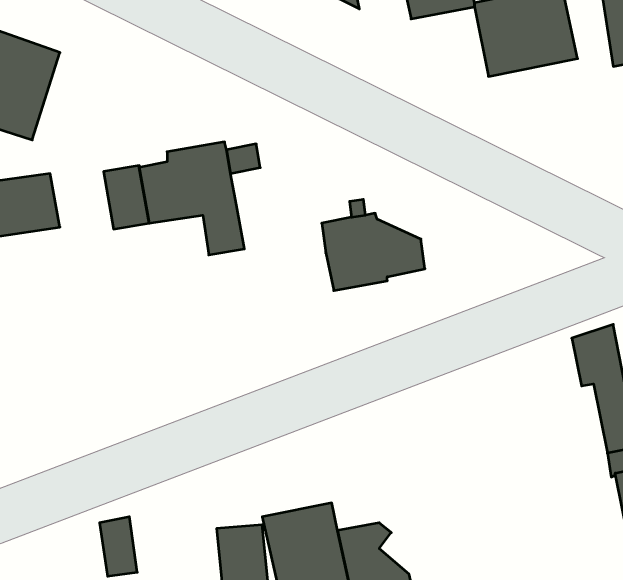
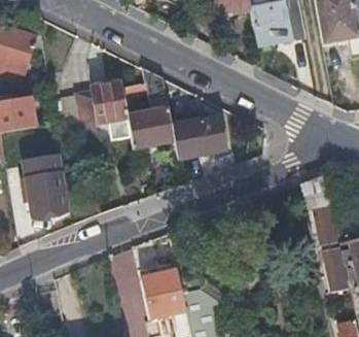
building: none -> [128,67,174,147]
building: none -> [21,155,67,215]

